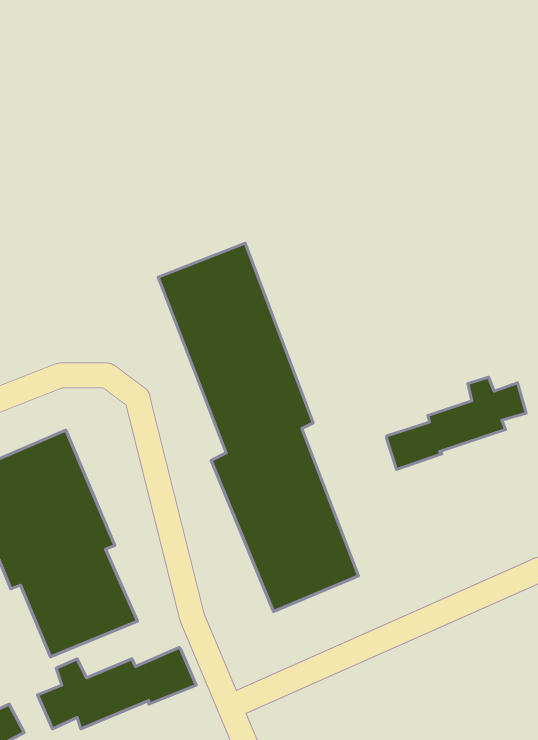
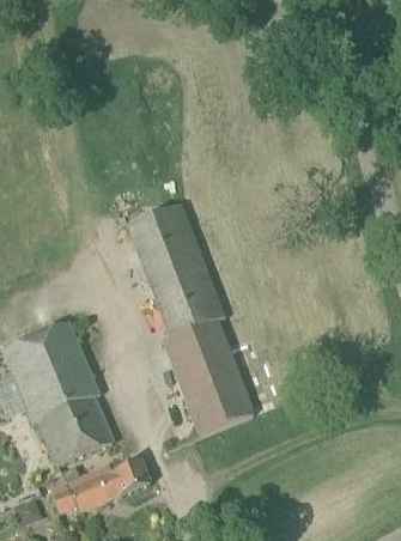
building: [387,377,526,469] -> none

